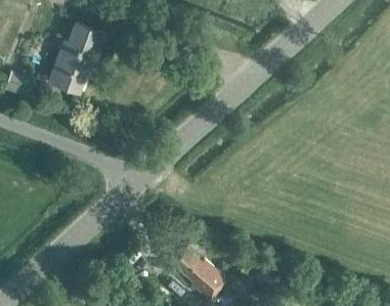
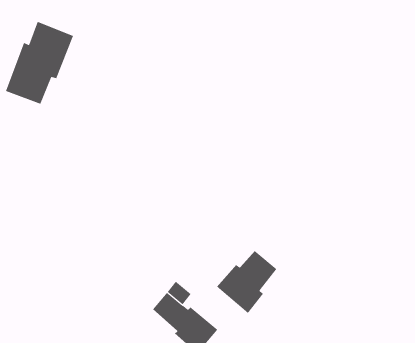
building: none -> [216,250,277,314]

